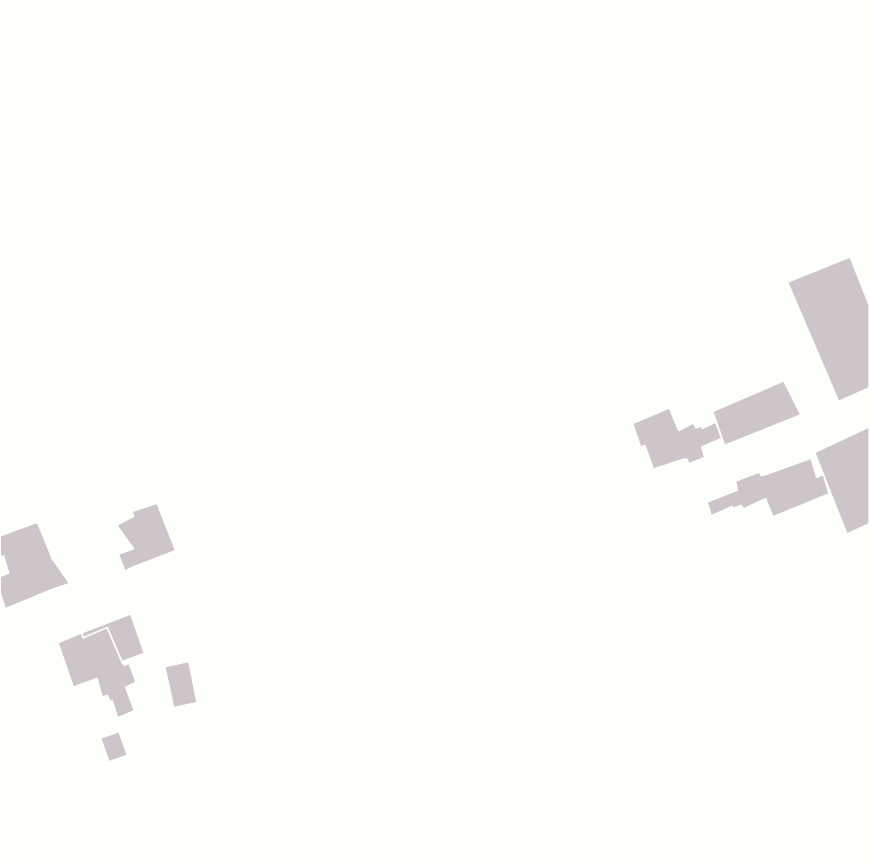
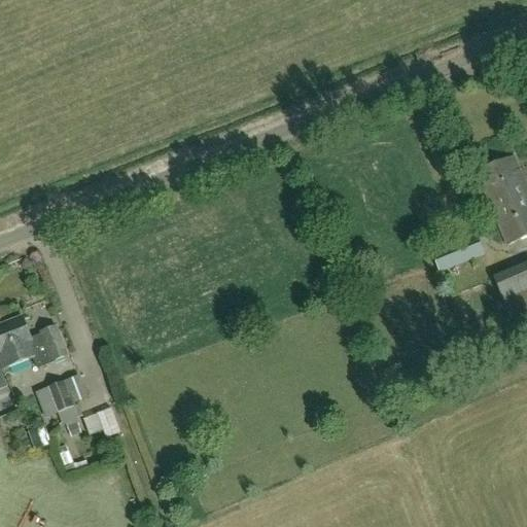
building: [632,408,722,469] -> none
building: [707,458,829,517] -> none
building: [116,503,176,571] -> [32,325,68,366]

